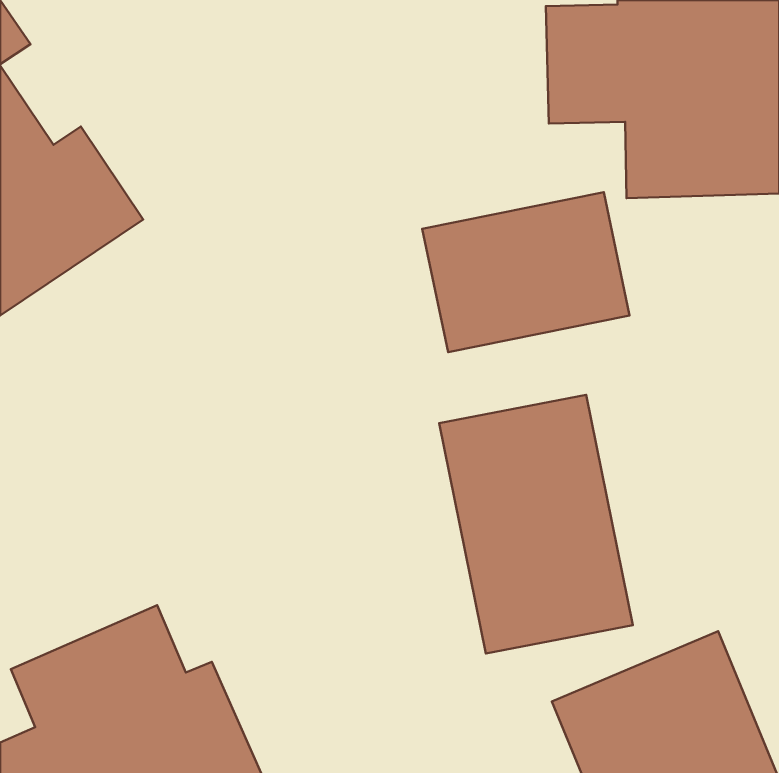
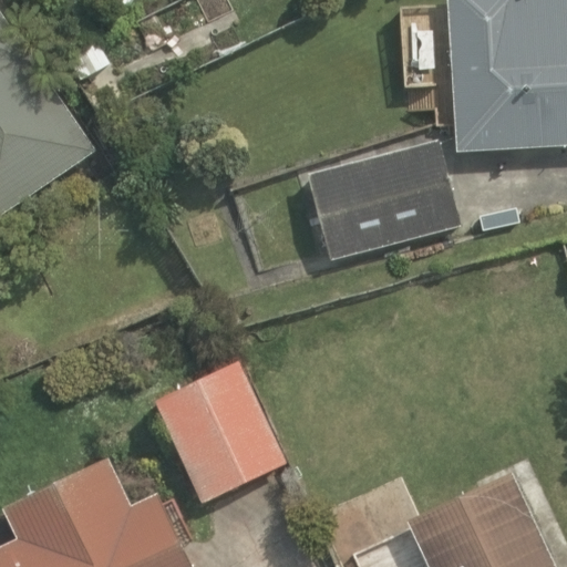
building: [439,395,633,654] -> none
building: none -> [153,357,290,503]

